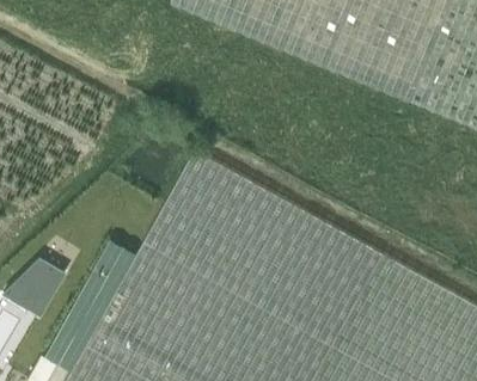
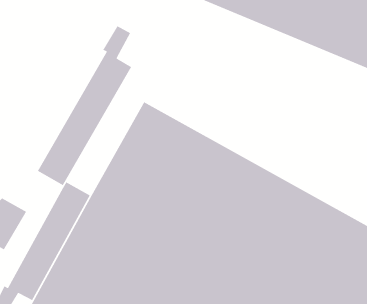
building: none -> [37,25,132,186]

